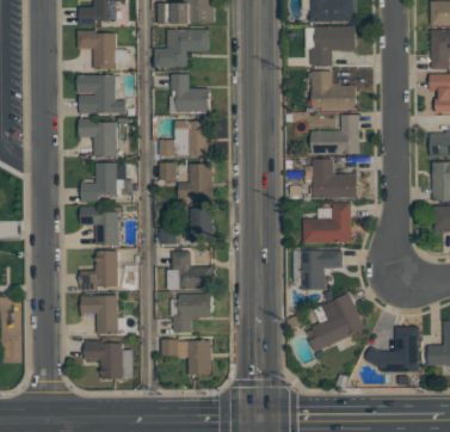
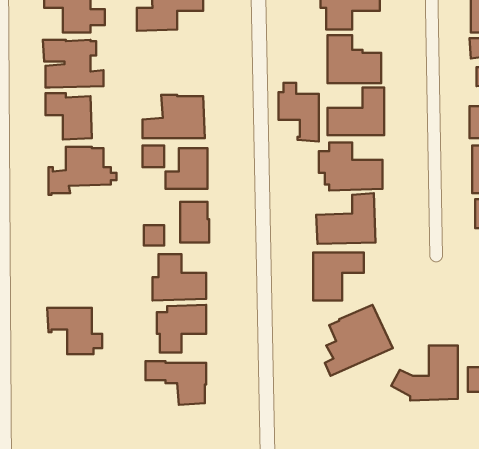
building: [169,73,209,111] -> none
building: none -> [278,83,319,141]
building: [80,205,118,245] -> none
building: [80,249,118,289] -> none
building: [84,340,131,378] -> none

